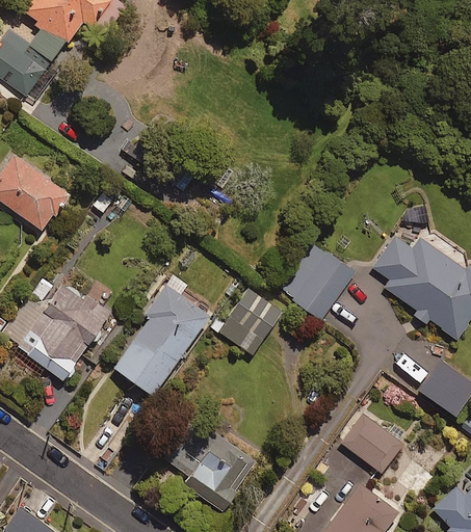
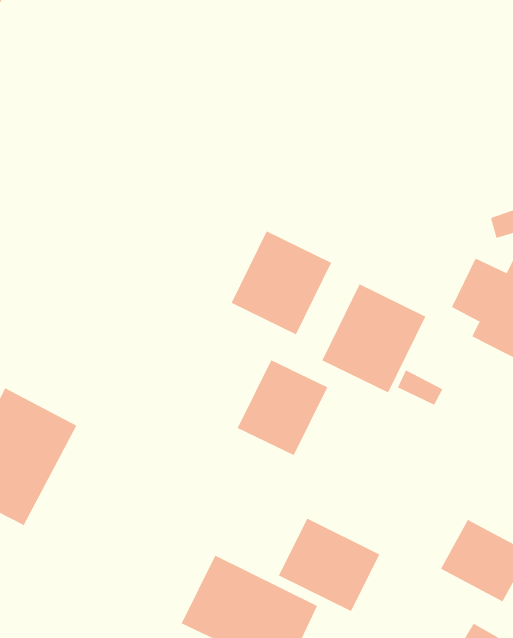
building: none -> [231,231,332,335]
building: [114,283,211,395] -> none
building: none -> [278,518,380,612]

